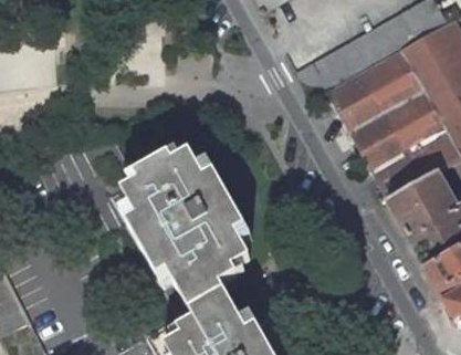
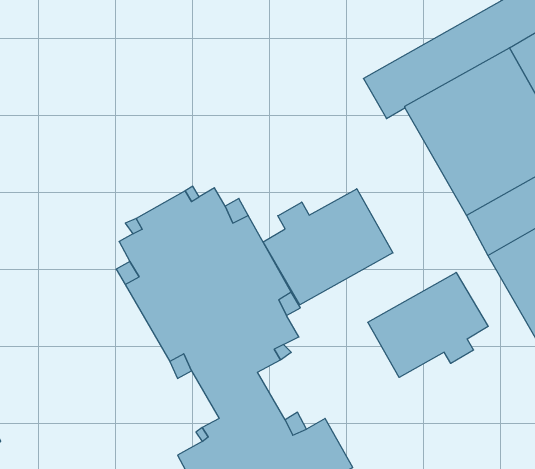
building: none -> [263,189,393,305]
building: none -> [368,272,488,377]

